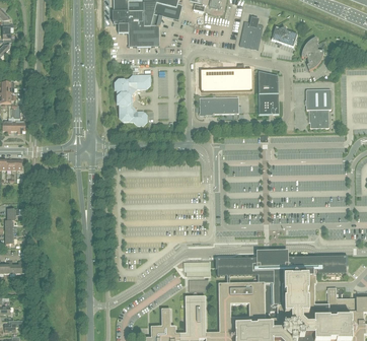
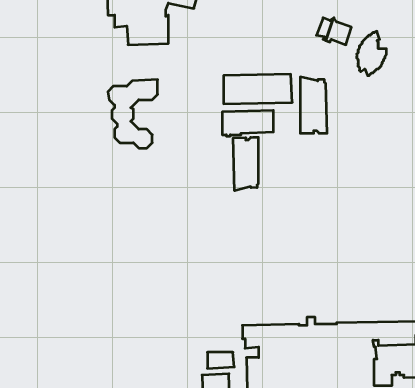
building: [239,18,264,49] -> none
building: [306,89,332,128] -> none
building: none -> [233,137,258,191]

